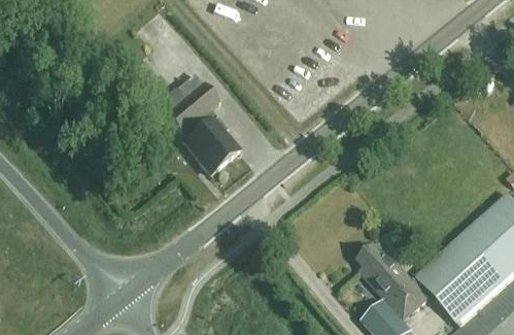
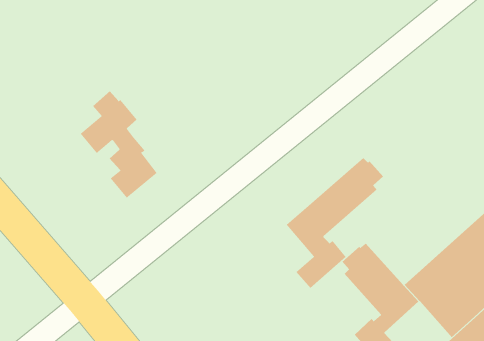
building: [166,71,238,171] -> [80,91,158,198]
building: none -> [286,157,384,289]

